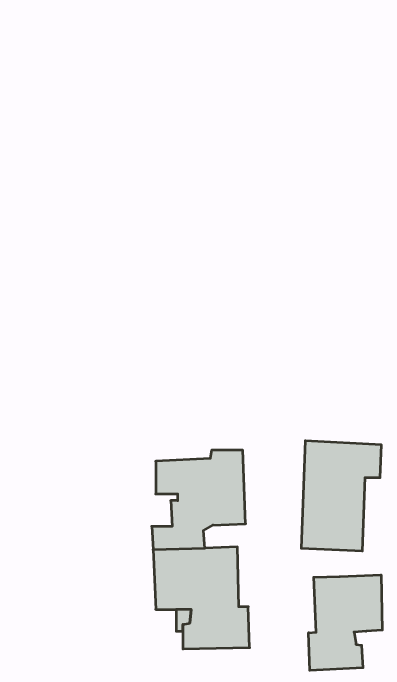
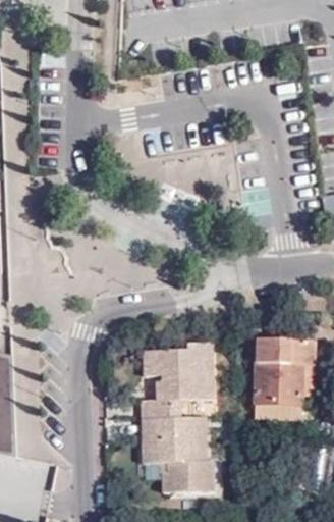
building: [309,575,382,670] -> none

